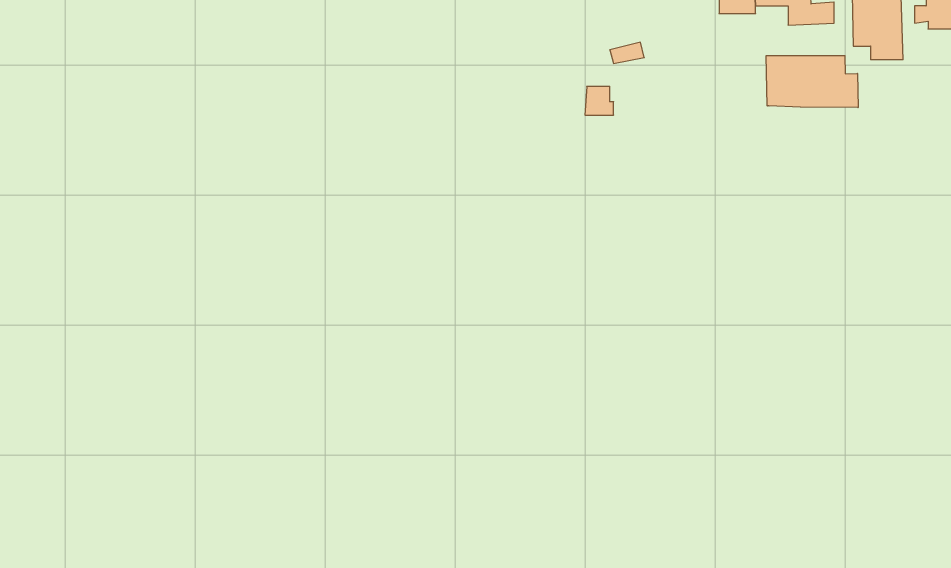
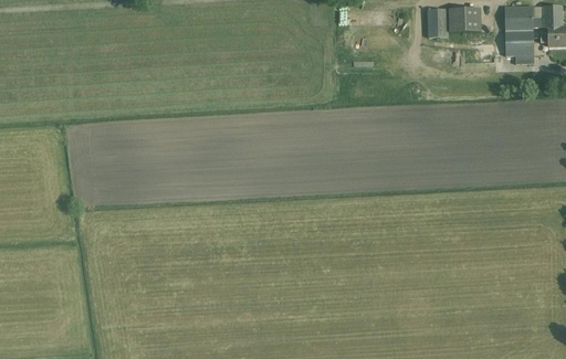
building: [766,56,858,108] -> none

